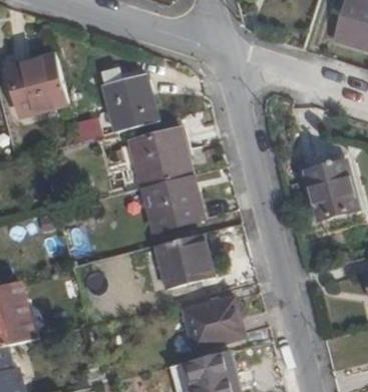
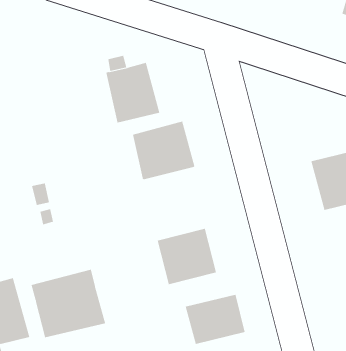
building: [10,55,68,116] -> none
building: [143,173,204,228] -> none
building: none -> [31,269,106,338]

